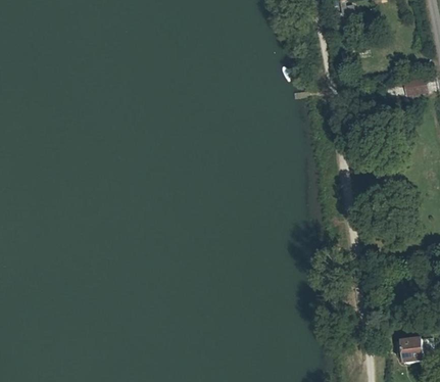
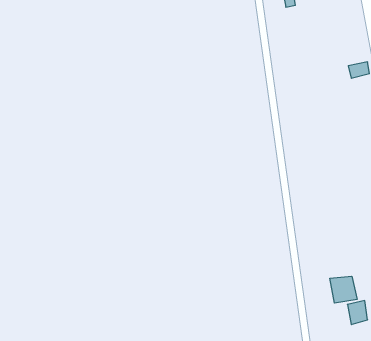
building: none -> [330,276,357,303]

